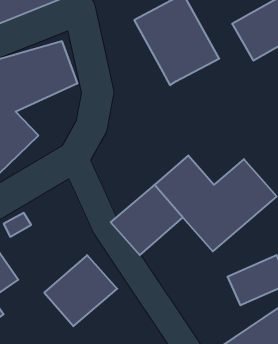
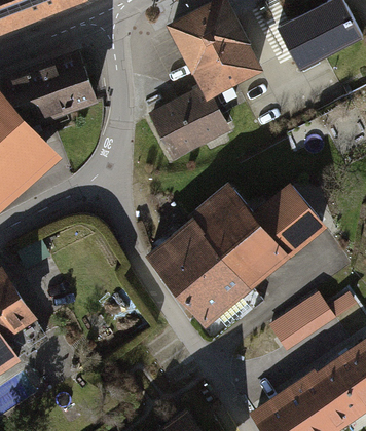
building: none -> [146,85,229,158]
building: [44,255,117,326] -> [173,249,255,329]

